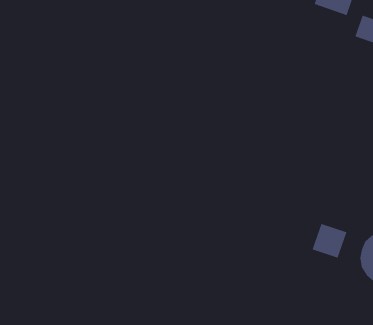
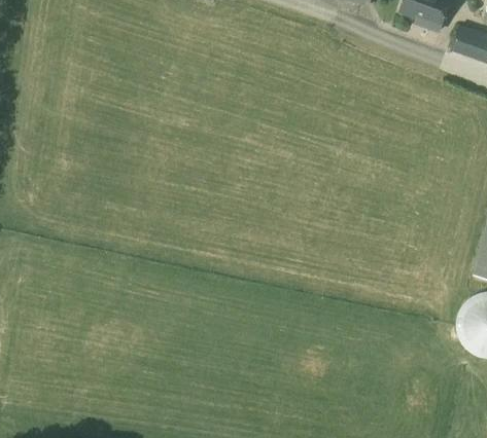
building: [312,223,347,259] -> none

